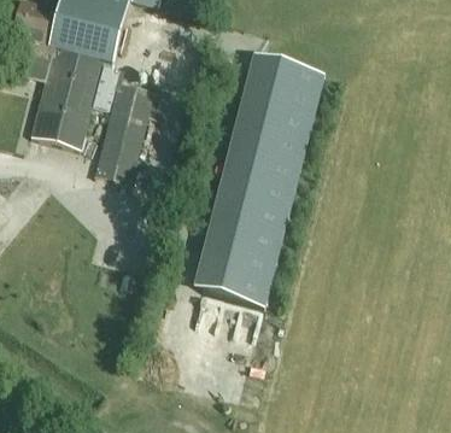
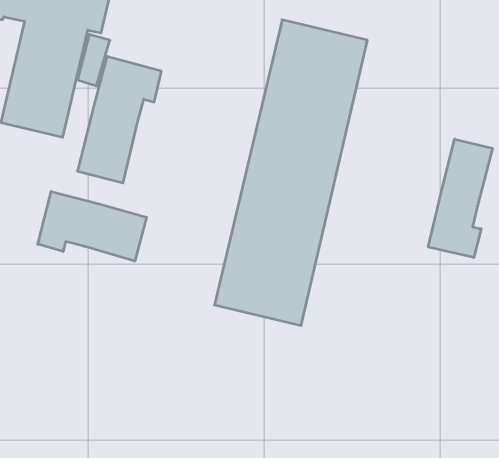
building: none -> [428,139,492,258]
building: none -> [38,191,147,261]

